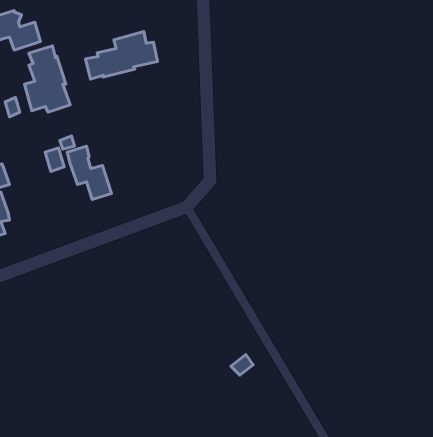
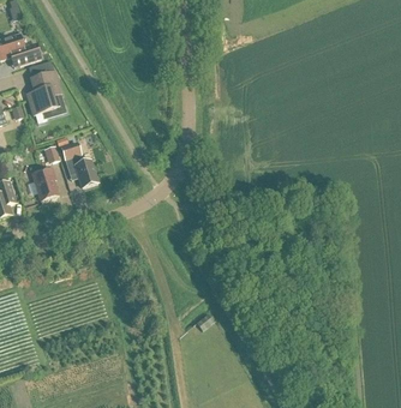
building: [86,31,158,79] -> none
building: none -> [31,166,58,199]

